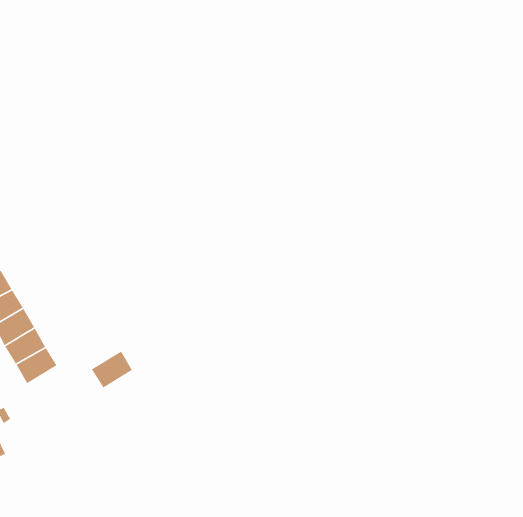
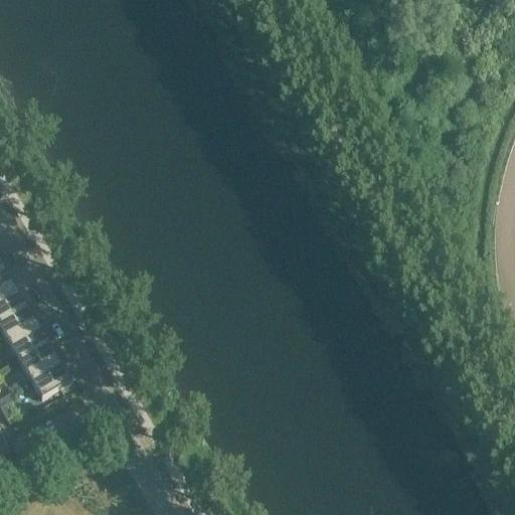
building: [91,350,133,389] -> [26,357,67,394]

